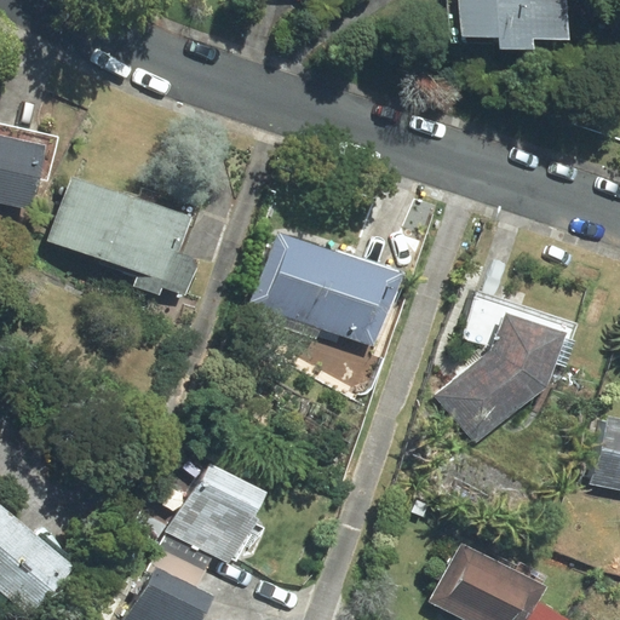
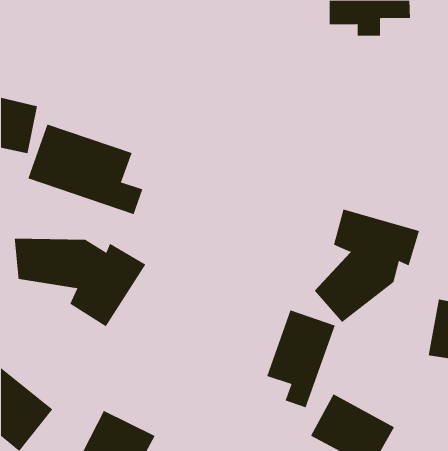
building: [247,226,403,351] -> none
building: none -> [14,238,146,327]
building: none -> [267,310,335,408]
building: [163,461,270,570] -> none

